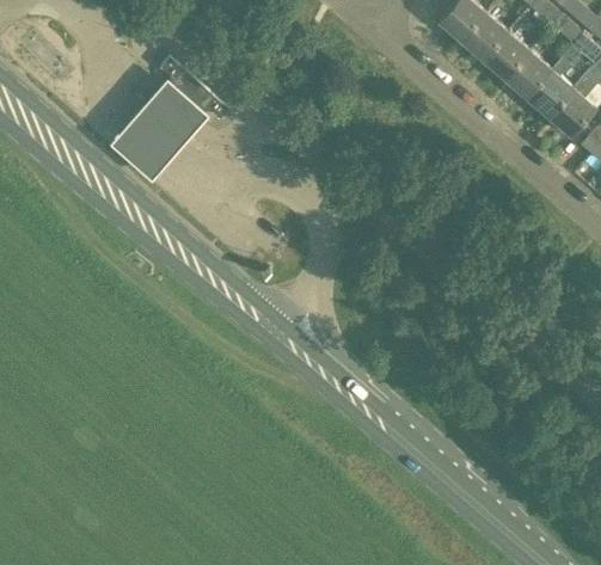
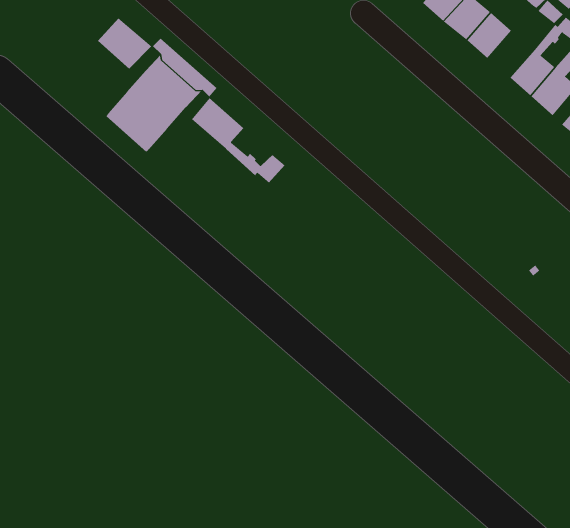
building: none -> [97,17,152,70]
building: [504,51,552,99] -> none
building: none -> [191,97,285,183]

